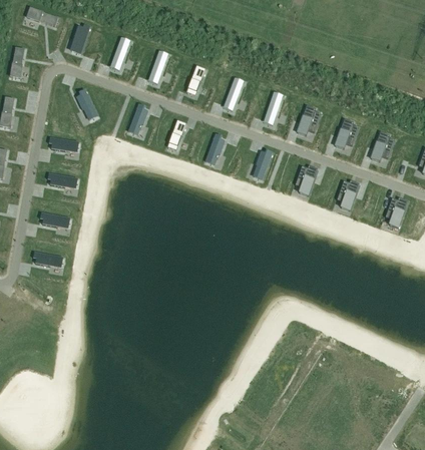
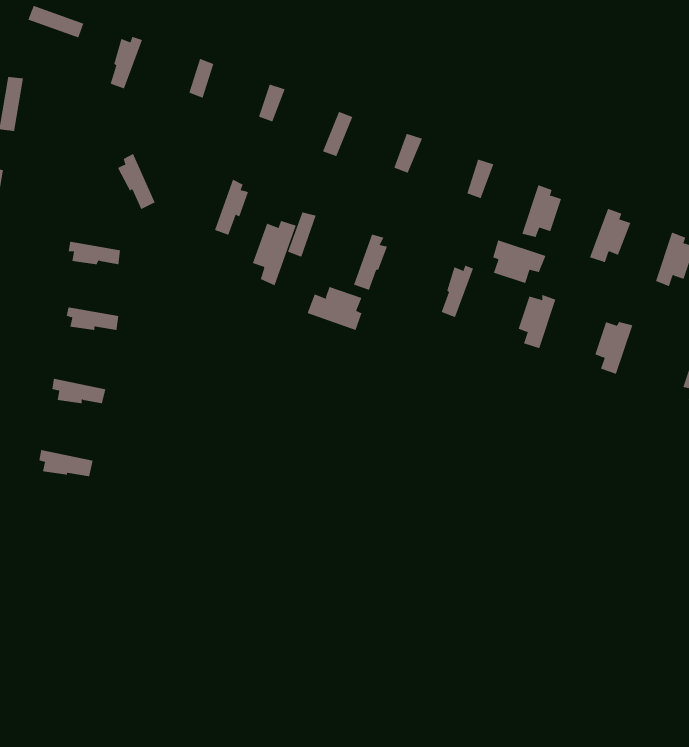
building: none -> [252,220,297,286]
building: none -> [492,239,546,284]
building: none -> [307,286,362,331]

